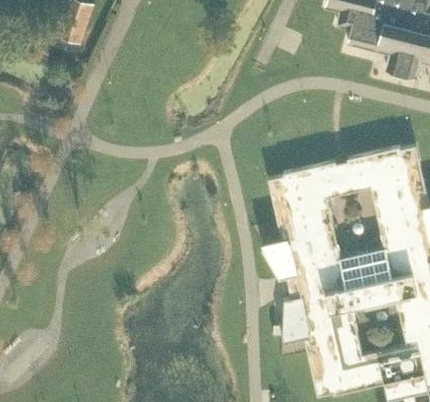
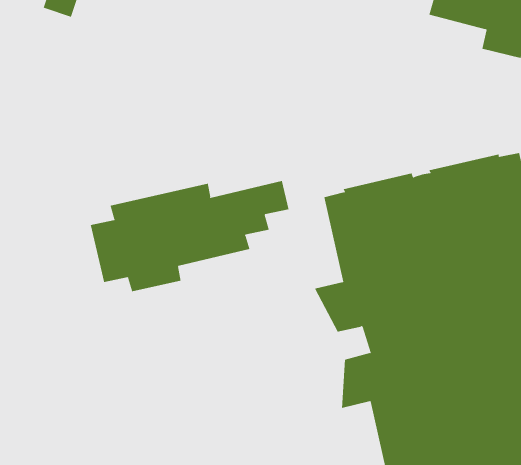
building: none -> [90,180,289,292]

